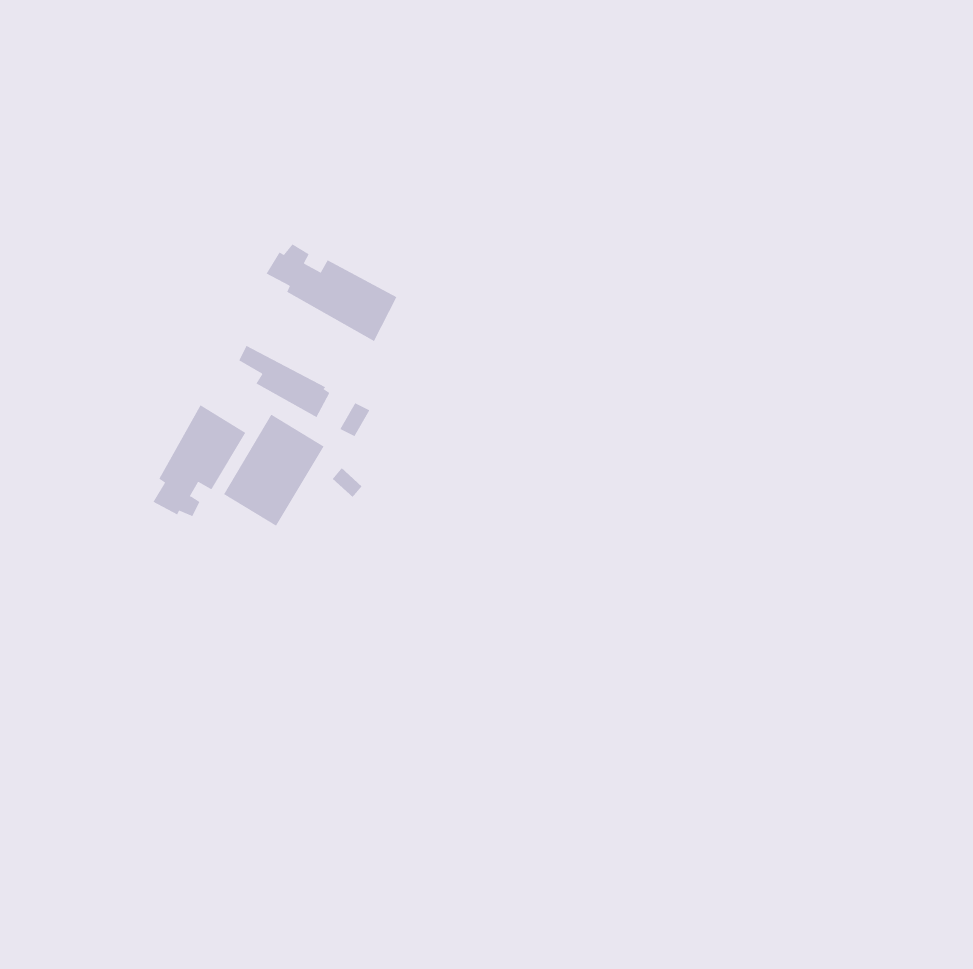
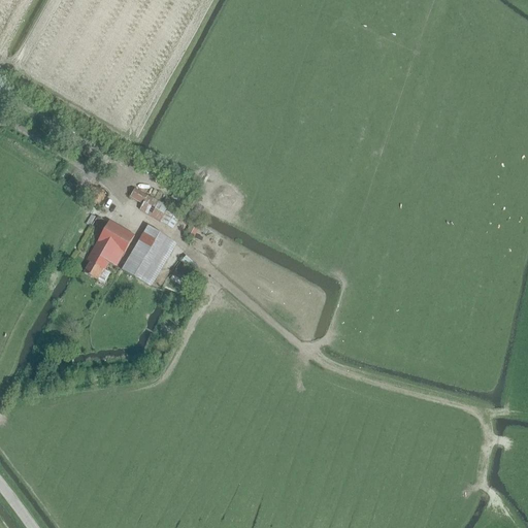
building: [266,243,397,342] -> none

